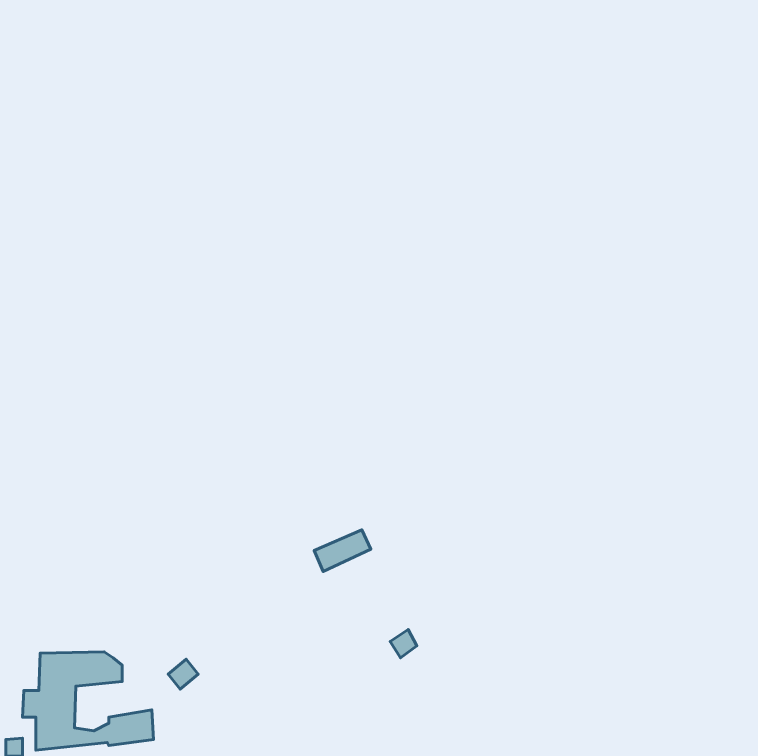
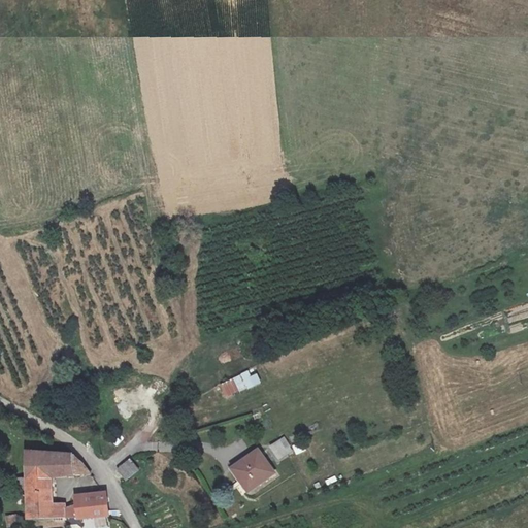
building: none -> [232,449,273,489]

